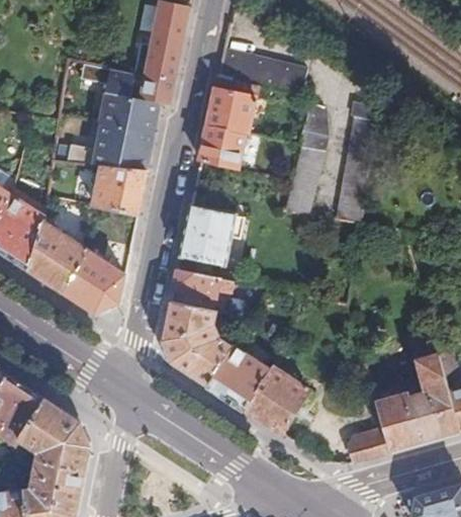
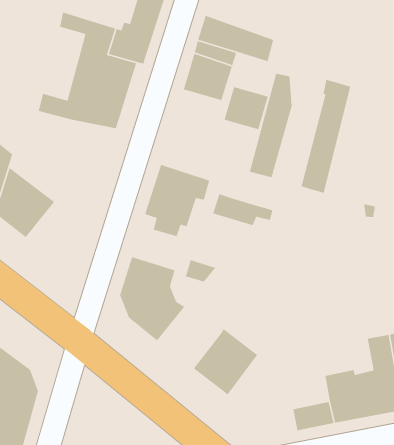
building: [201,127,245,170] -> [224,86,269,130]
building: [92,168,145,212] -> none
building: [63,252,123,313] -> none
building: [173,269,235,299] -> [212,193,273,226]
building: [204,347,267,409] -> none

